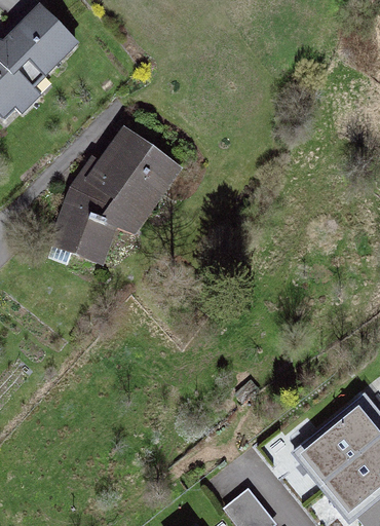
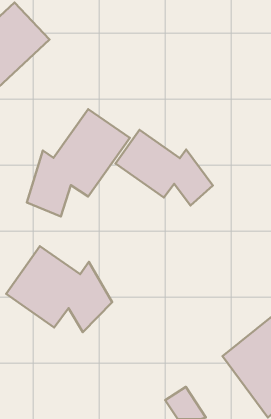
building: none -> [116,130,213,205]
building: none -> [6,246,112,332]

